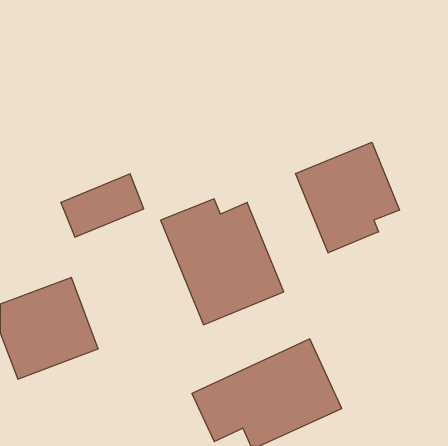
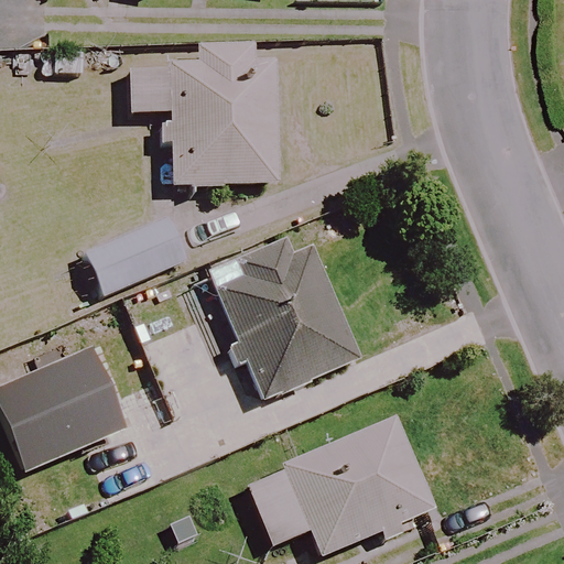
building: none -> [129,44,279,186]
building: [296,142,400,253] -> none

